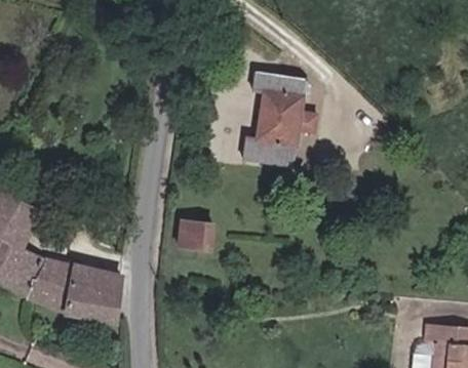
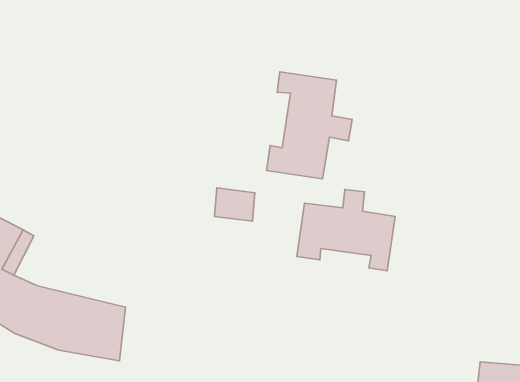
building: none -> [297,189,395,271]
building: [178,220,212,249] -> [214,188,255,221]

